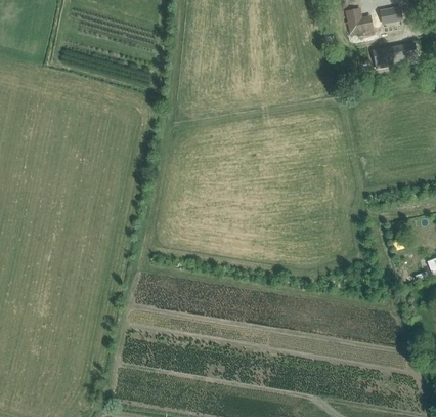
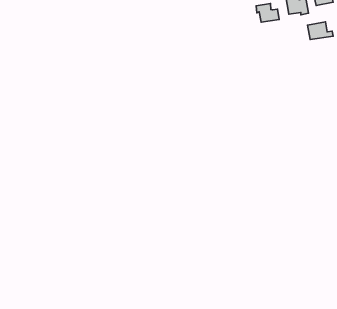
building: none -> [256,3,279,22]

